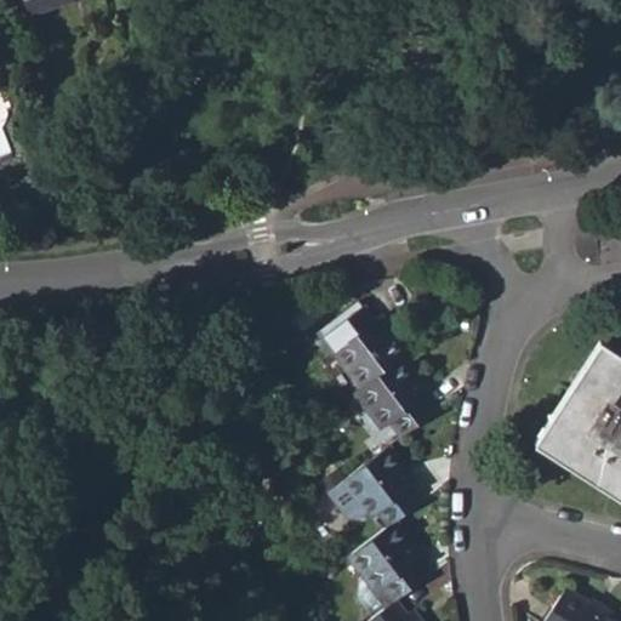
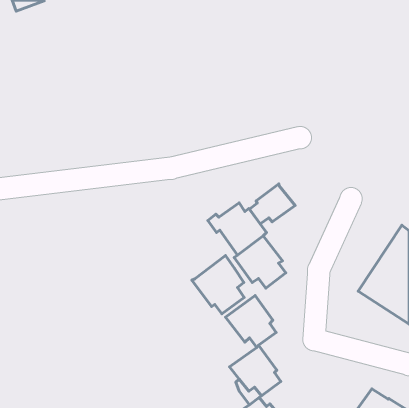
building: none -> [249,184,295,224]
building: none -> [192,255,244,314]

